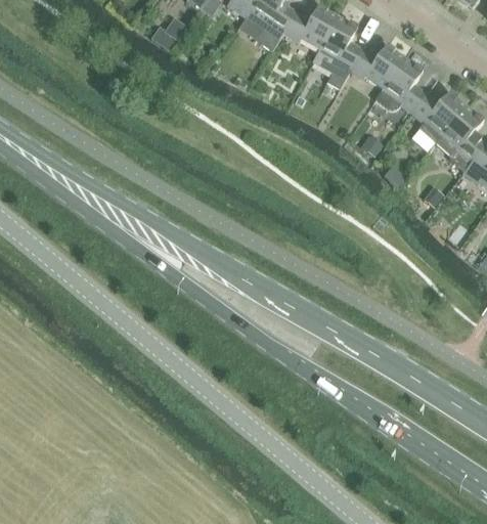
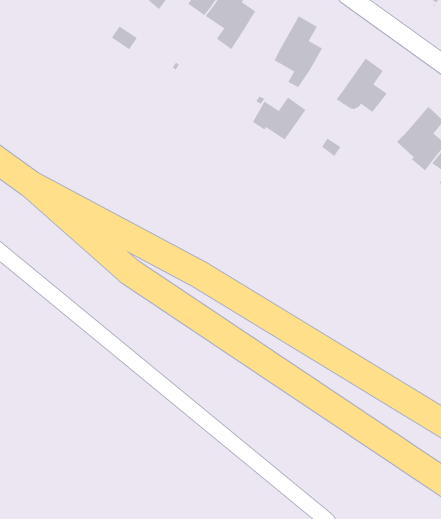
building: [282,5,338,48] -> none
building: [350,44,404,88] -> [252,96,306,141]
building: [411,91,467,141] -> none

